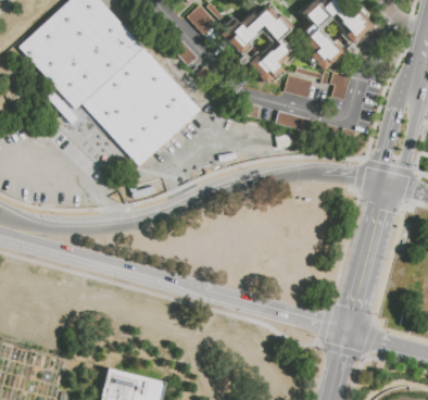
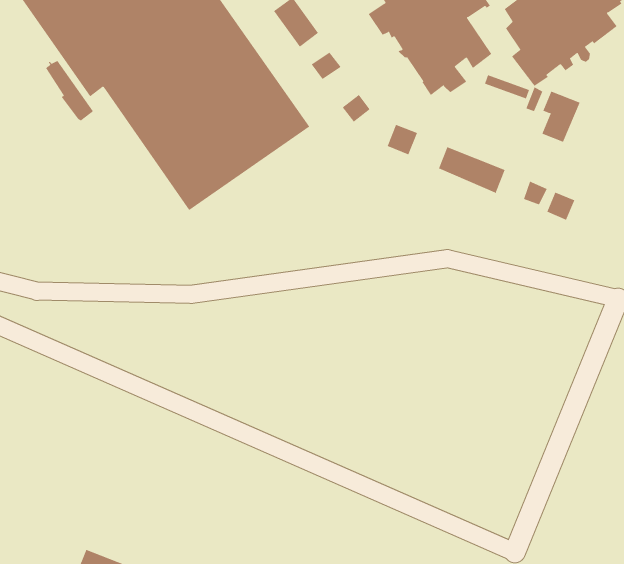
building: [285,74,313,98] -> none

